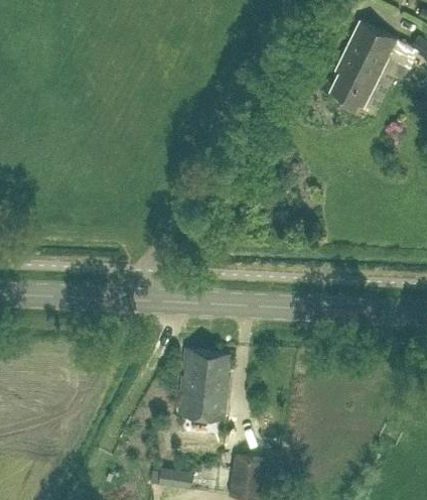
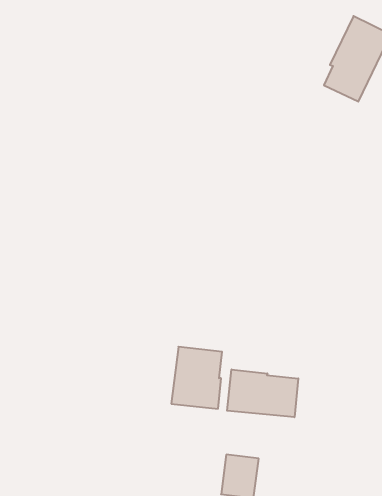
building: none -> [227,369,298,417]
building: [152,469,191,490] -> none

